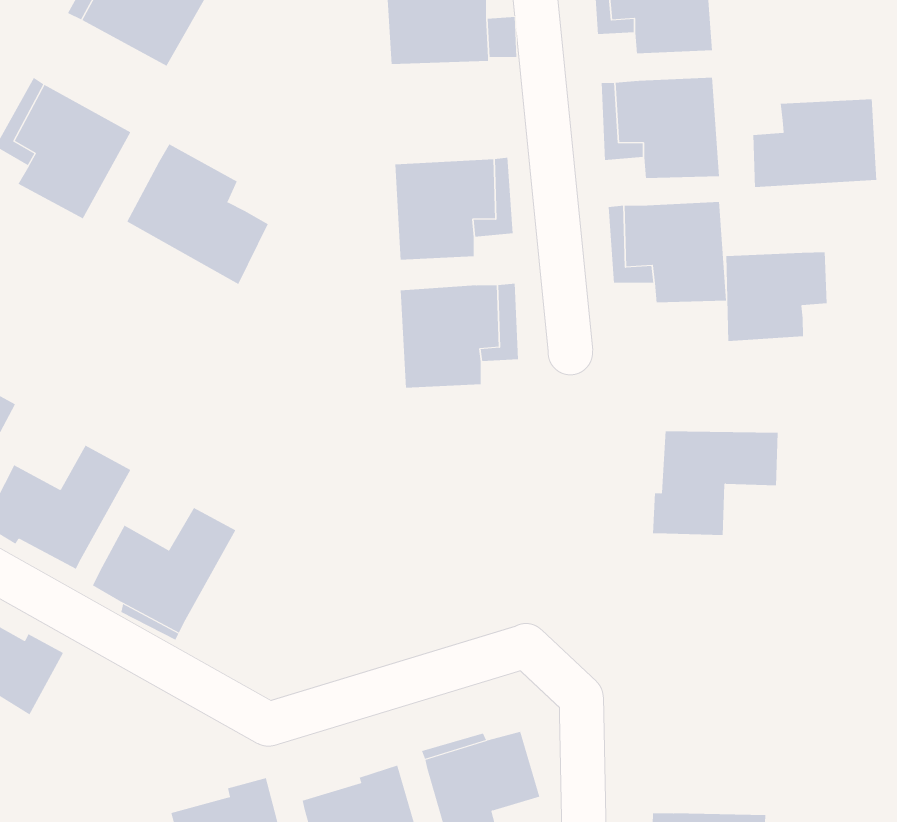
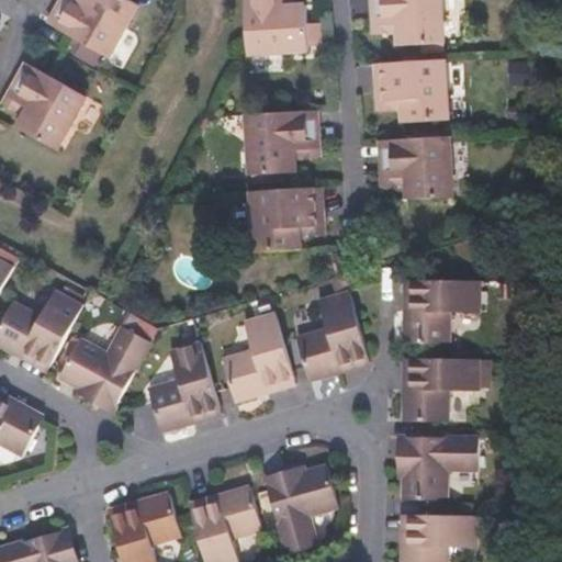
building: [753,98,877,188] -> none
building: [126,143,268,285] -> none
building: [726,252,827,342] -> none
building: none -> [296,286,368,378]
building: none -> [222,308,294,398]
building: none -> [147,338,221,429]
building: none -> [403,357,481,419]
building: none -> [402,435,477,501]

